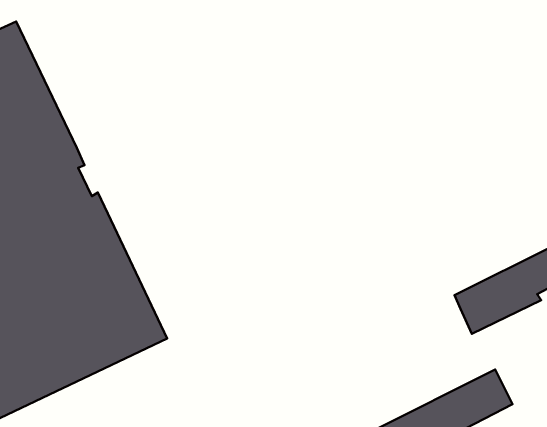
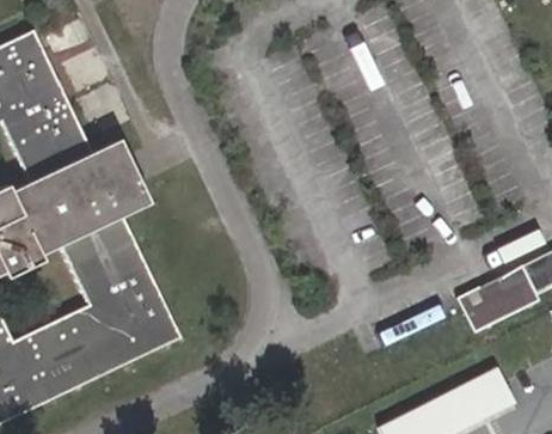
building: none -> [92,140,149,216]

